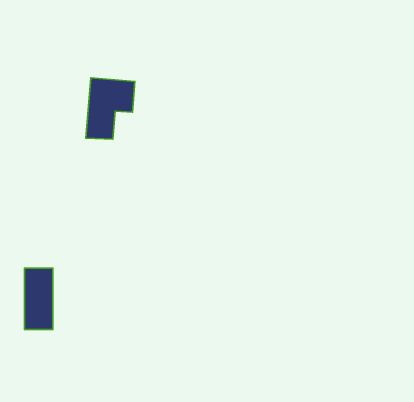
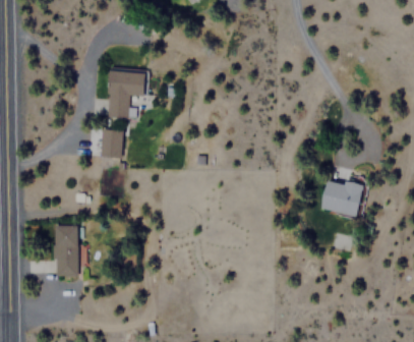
building: none -> [102,129,123,155]
building: none -> [321,179,366,218]

